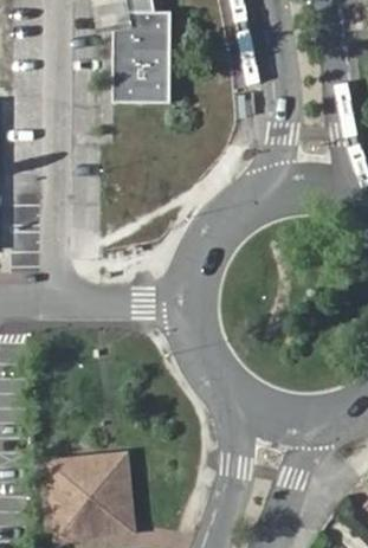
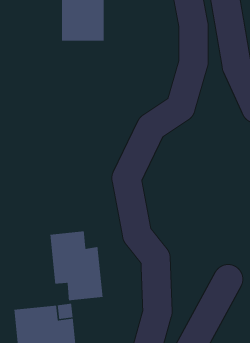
building: none -> [49,231,103,301]

